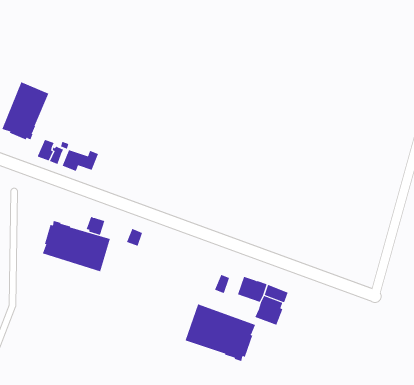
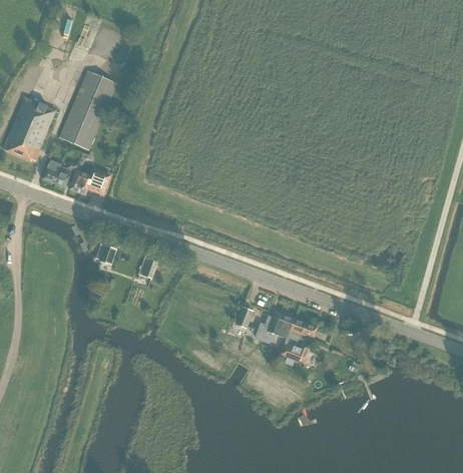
building: none -> [59,70,116,149]
building: [42,220,111,272] -> none
building: [185,304,256,362] -> none

